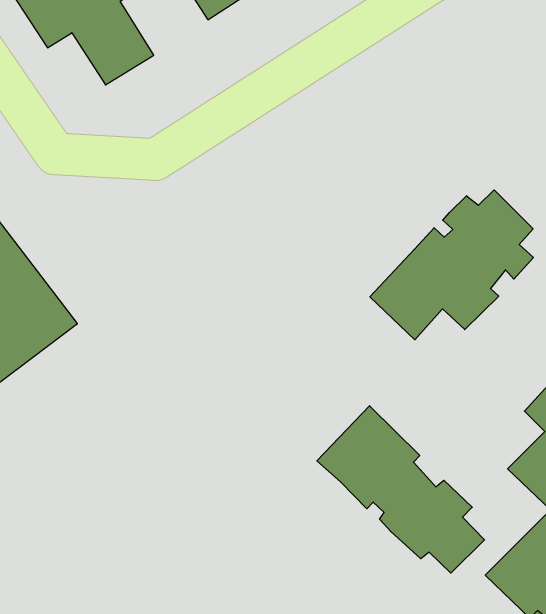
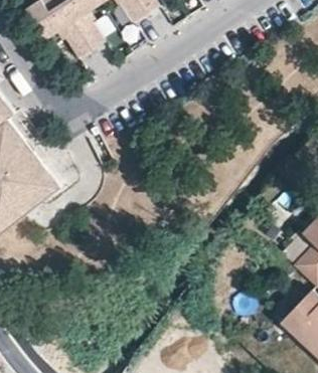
building: [370,190,533,340] -> none
building: [317,406,485,573] -> none

